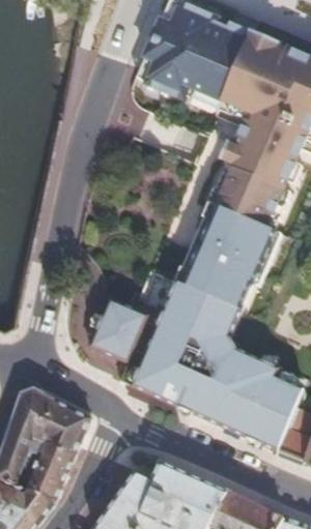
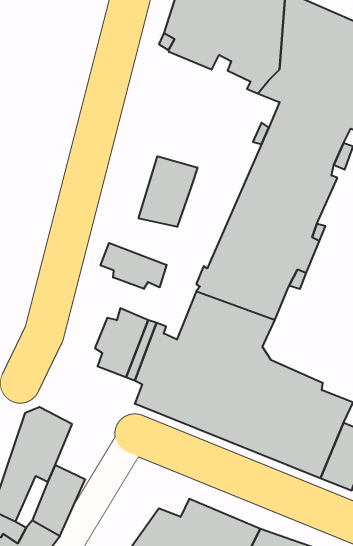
building: none -> [139,156,197,227]
building: none -> [100,243,167,289]
building: [50,402,91,449] -> none

